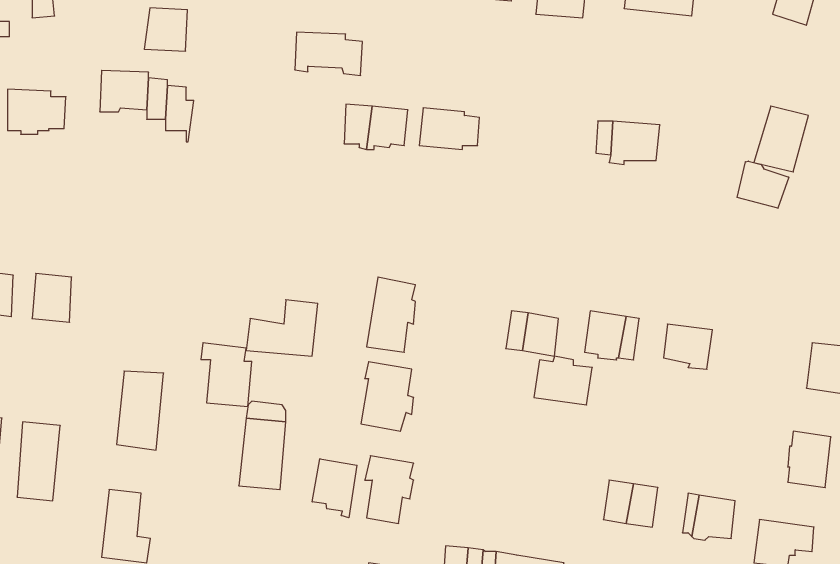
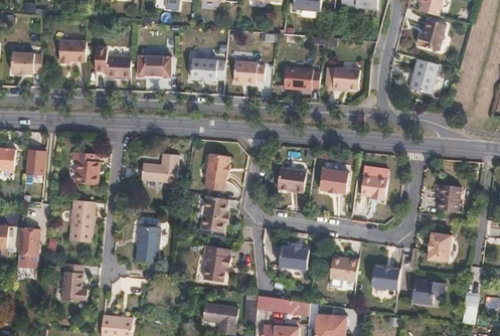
building: [144,8,187,51] -> [108,55,131,78]
building: none -> [418,18,447,49]
building: [295,32,362,75] -> [137,55,173,78]
building: none -> [283,66,321,90]
building: [737,161,789,208] -> none
building: [201,343,252,407] -> [71,150,99,184]
building: [534,356,592,405] -> [278,244,309,271]
building: [312,459,357,518] -> none

